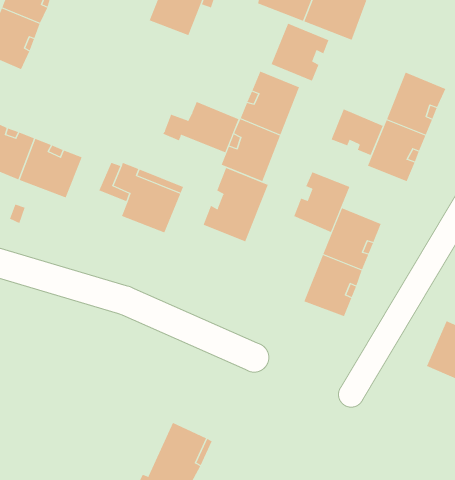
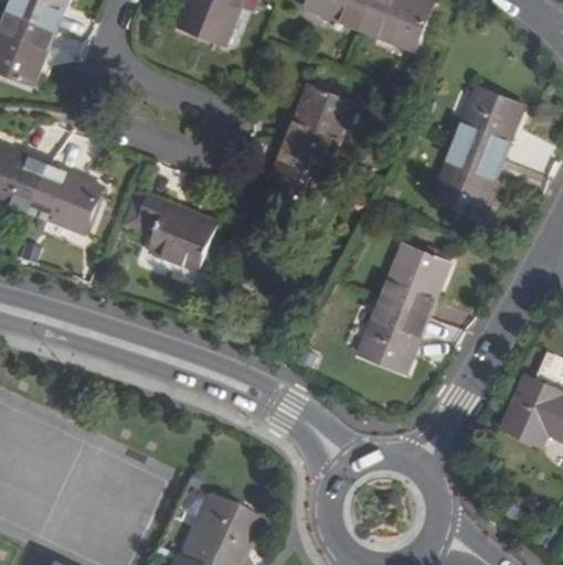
building: [271,23,329,81] -> none
building: [163,101,239,153] -> none
building: [331,109,384,156] -> none
building: [203,167,269,242] -> none
building: [294,171,350,233] -> none

